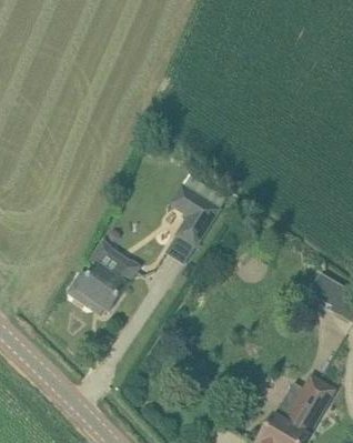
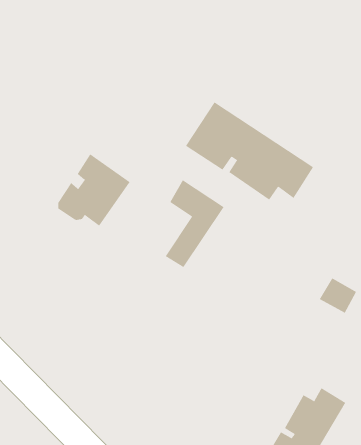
building: none -> [185,101,314,200]
building: [70,242,138,310] -> [58,154,130,226]

